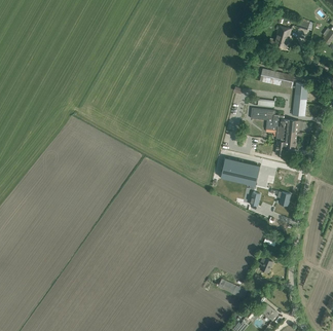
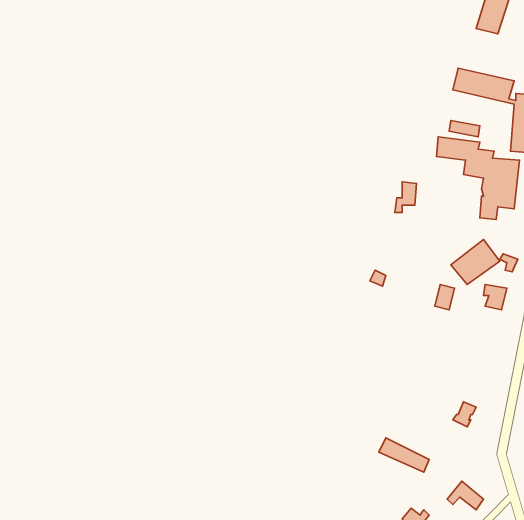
building: [221,157,261,185] -> none

